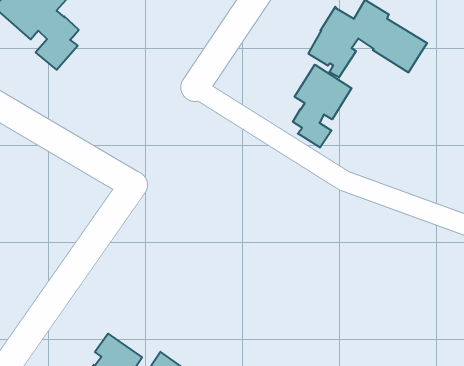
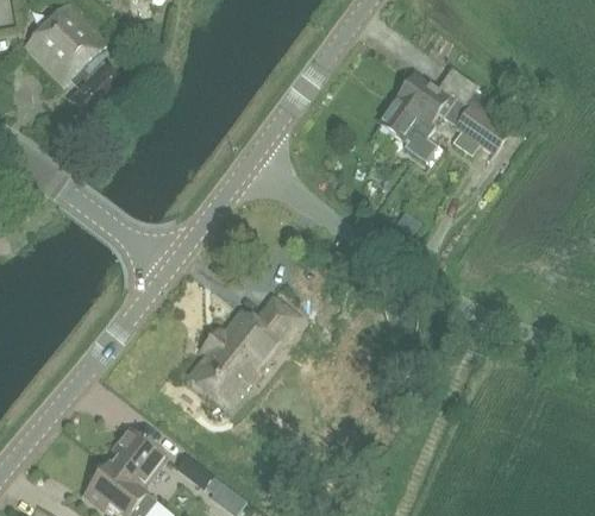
building: [293,65,352,148] -> none
building: none -> [188,296,300,398]

